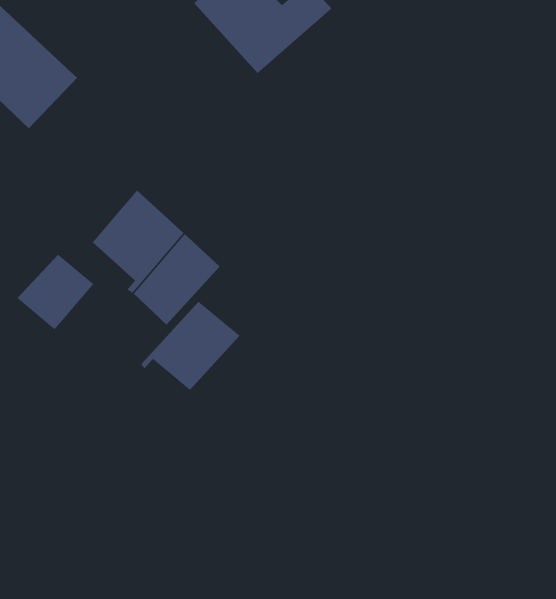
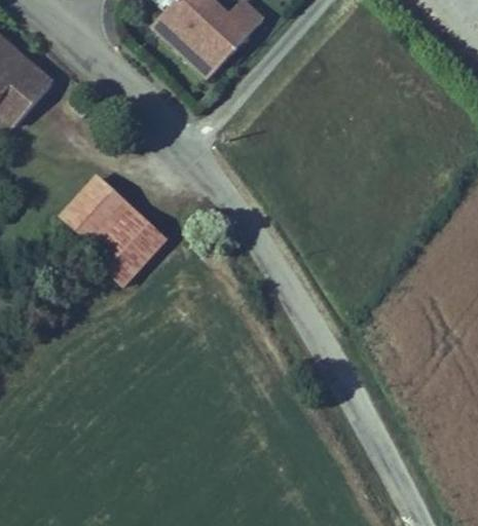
building: [16,254,94,330] -> none
building: [141,301,240,391] -> none

